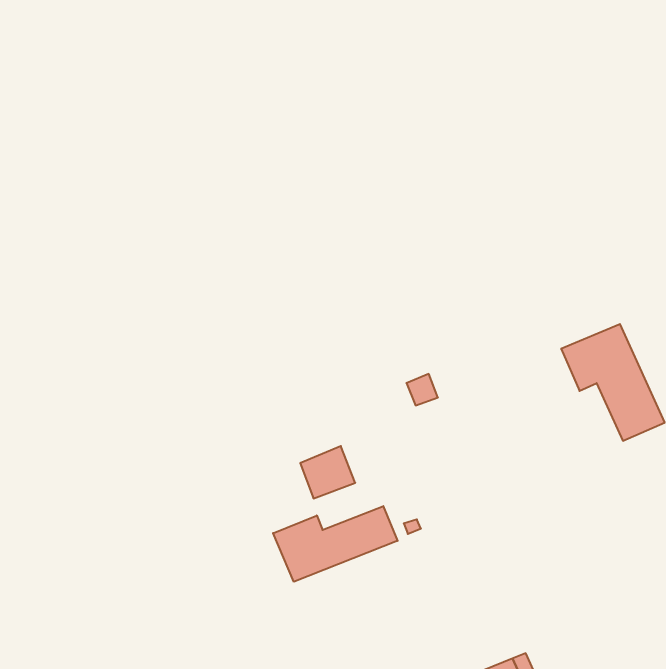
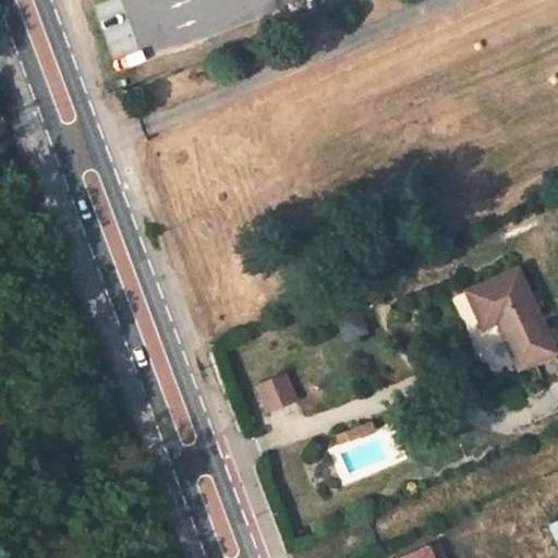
building: [273,506,398,582] -> none

